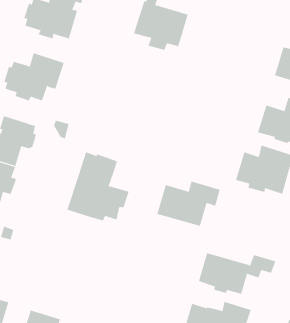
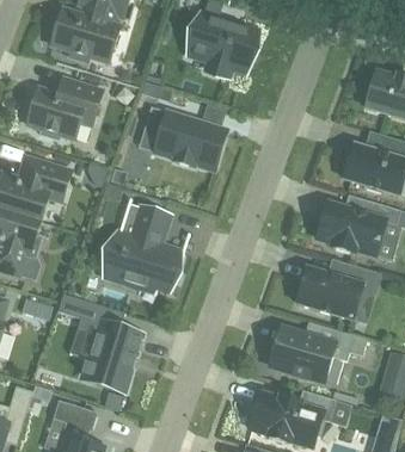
building: none -> [146,106,226,169]
building: [157,181,221,227] -> [296,261,376,318]
building: none -> [57,292,141,389]

